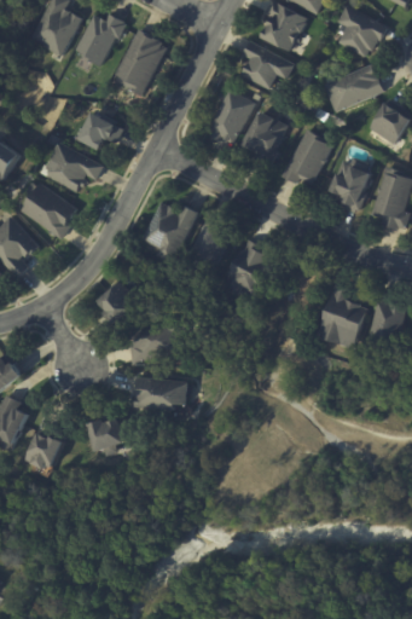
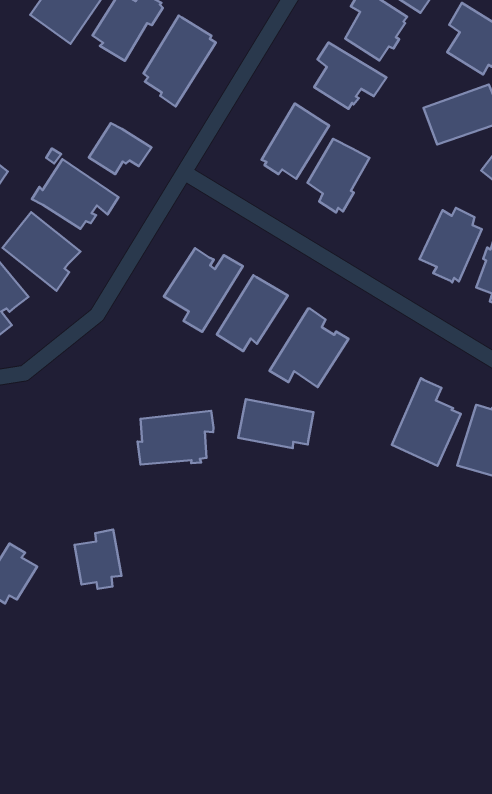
building: [282,128,332,184] -> none
building: [97,280,140,326] -> none
building: [137,376,191,410] -> [238,399,313,448]

